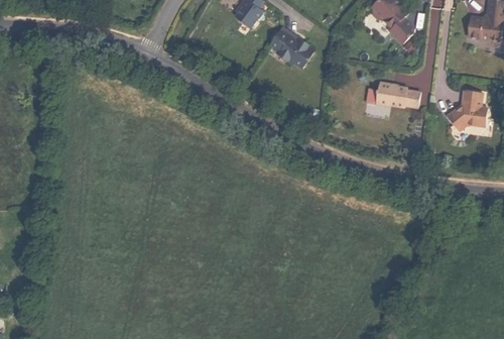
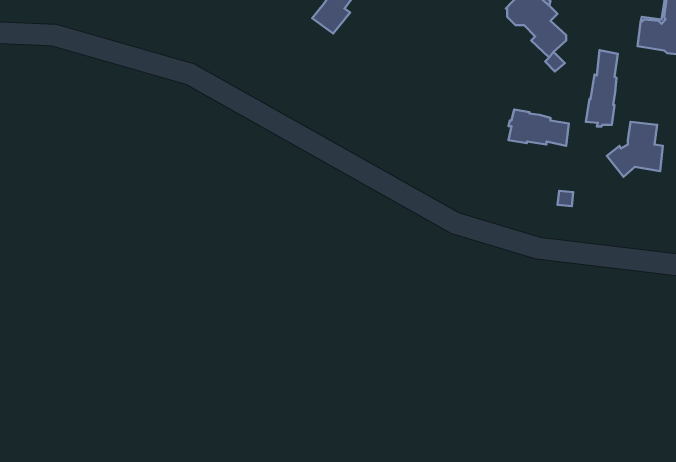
building: [268,25,313,68] -> none
building: none -> [586,50,618,126]

